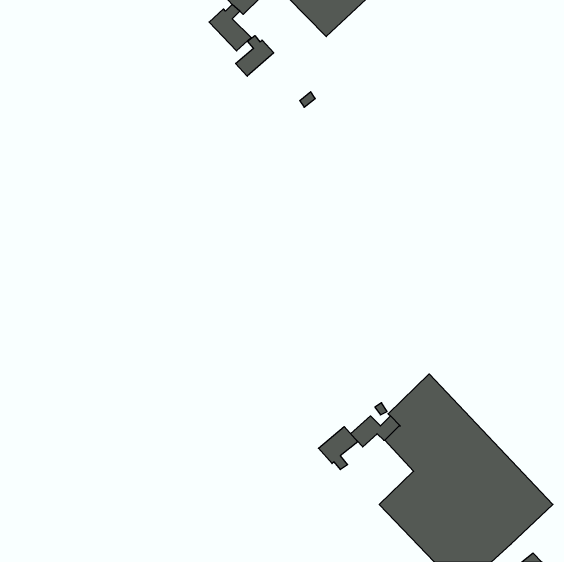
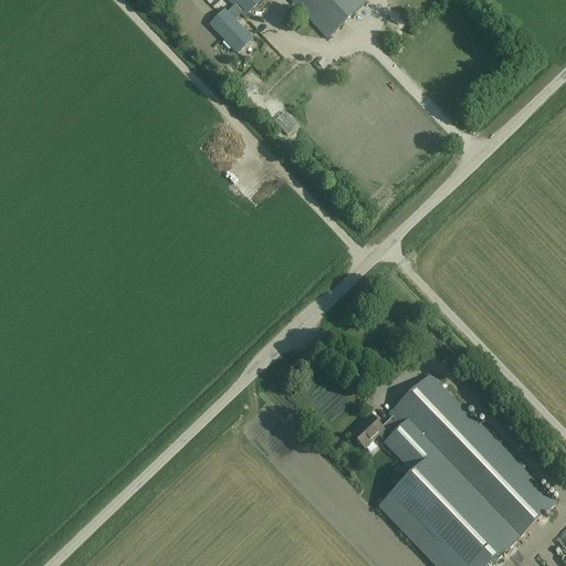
building: [236,36,274,76] -> none
building: [318,427,358,470] -> none

